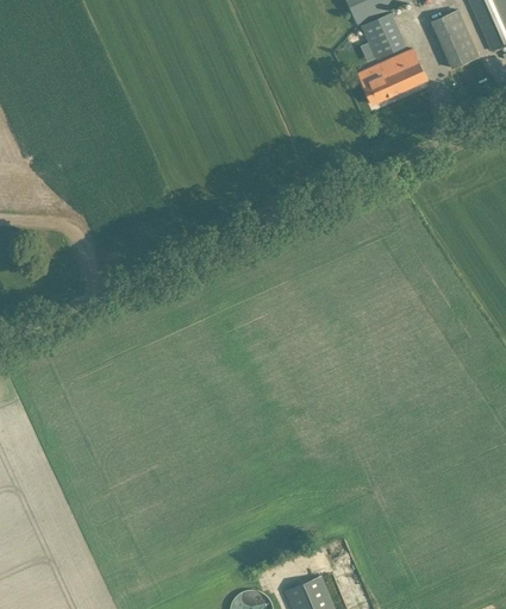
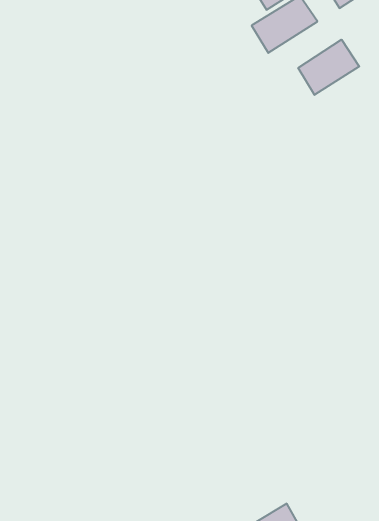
building: none -> [298,40,359,95]

